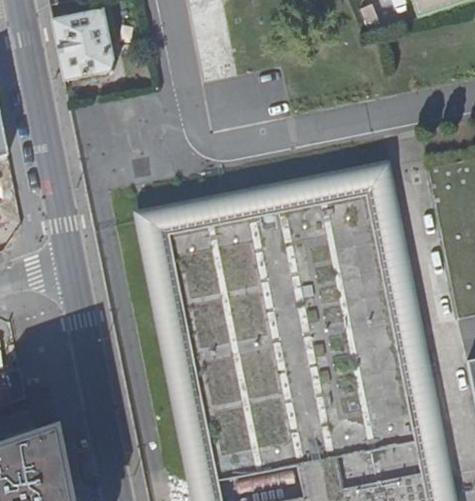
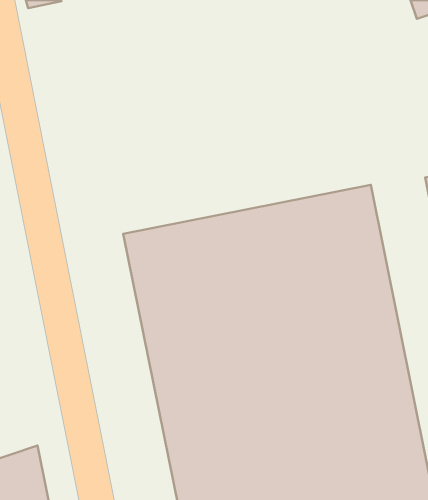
building: [53,11,117,80] -> none

